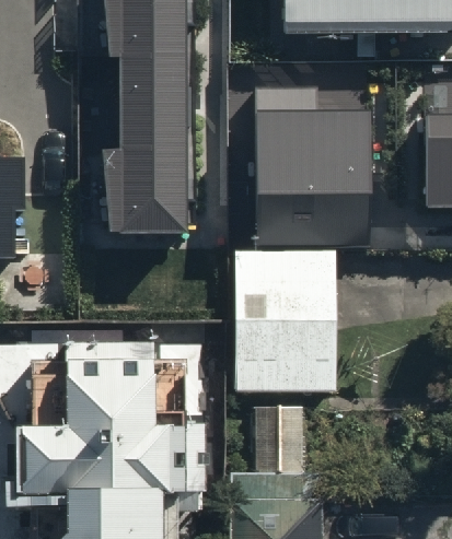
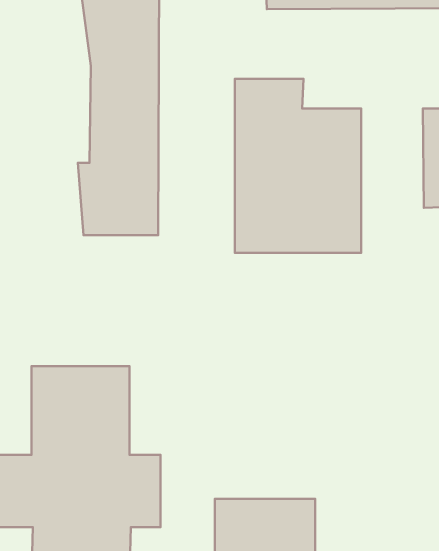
building: [240,261,337,389] -> none

